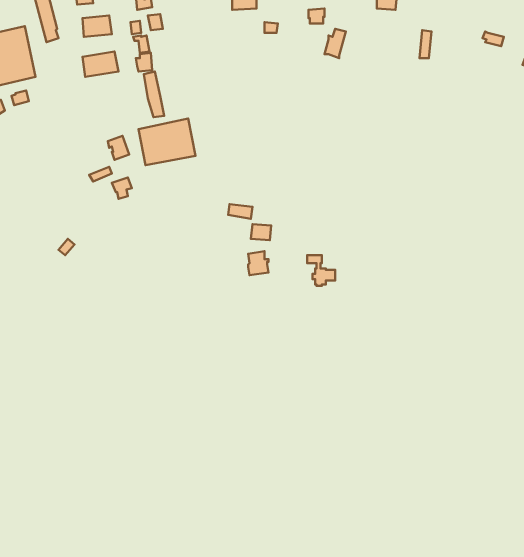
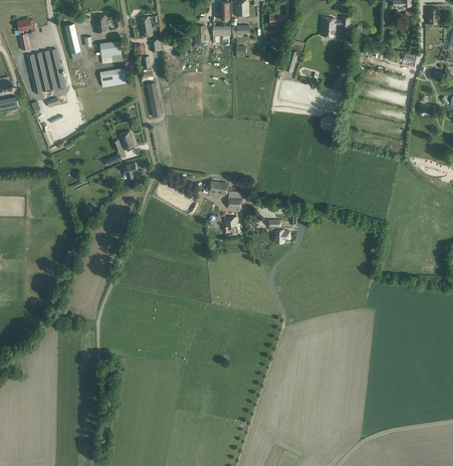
building: [138,118,196,165] -> none

